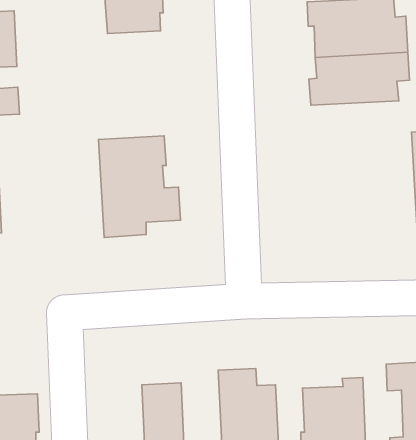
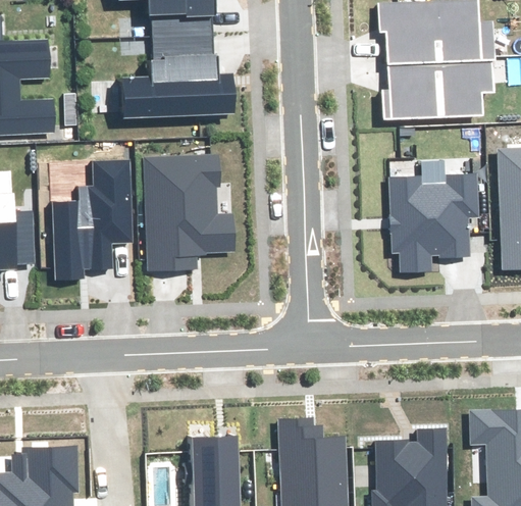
building: none -> [122,36,235,117]
building: none -> [52,161,133,280]
building: none -> [389,162,478,271]

